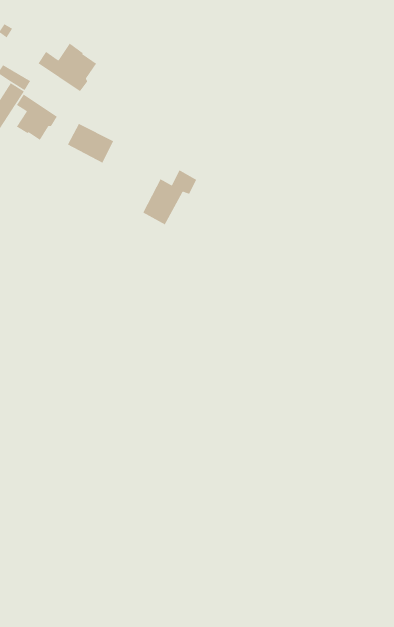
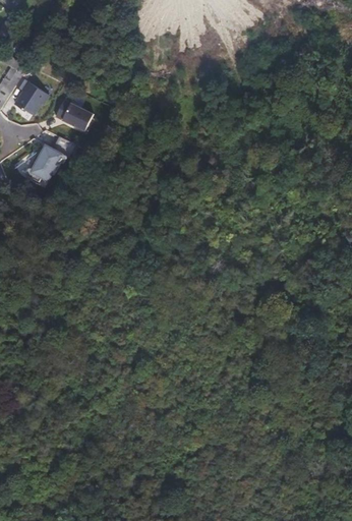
building: [37,43,97,92] -> none
building: [142,169,197,226] -> [28,137,72,182]

